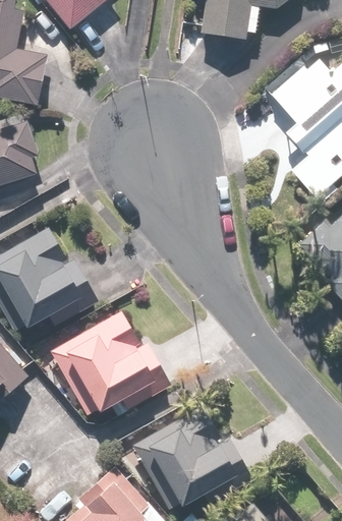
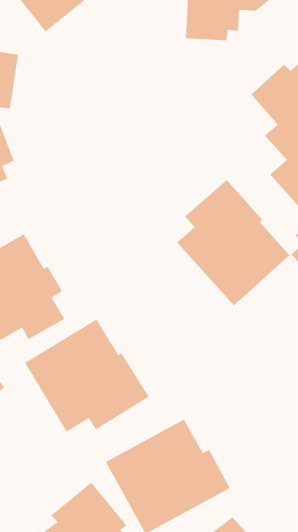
building: none -> [176,179,290,306]

